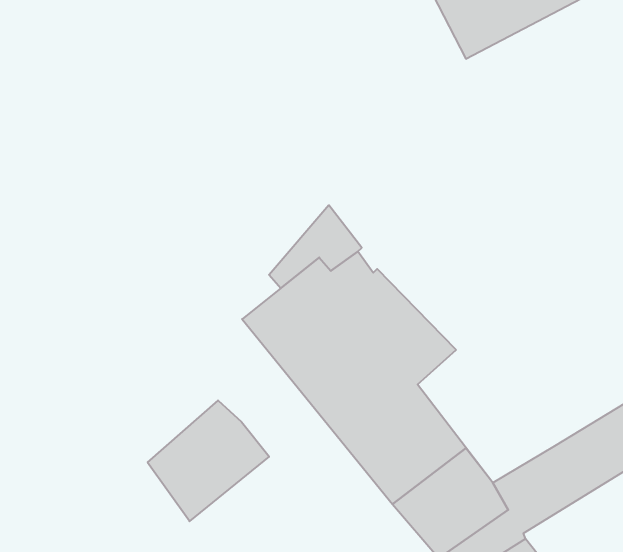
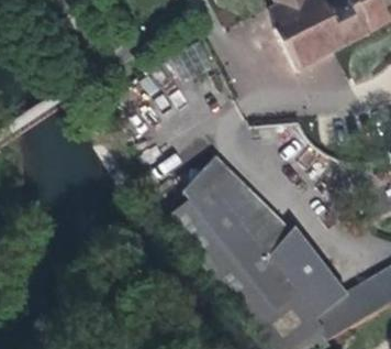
building: none -> [270,228,348,308]
building: [148,400,269,521] -> none

